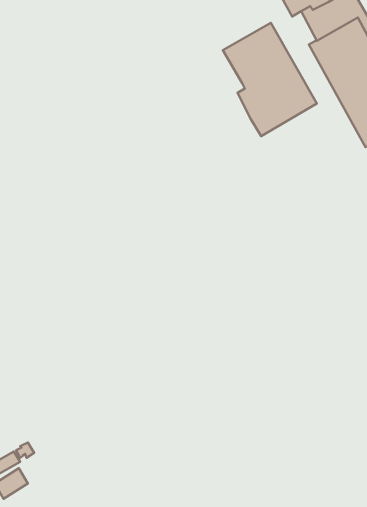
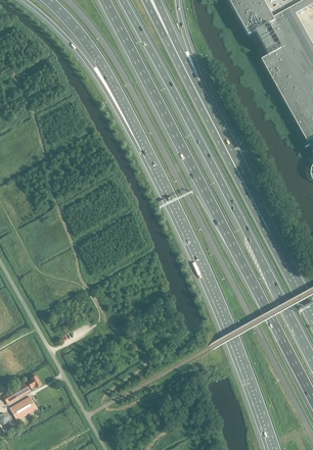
building: [223,23,317,136] -> none

